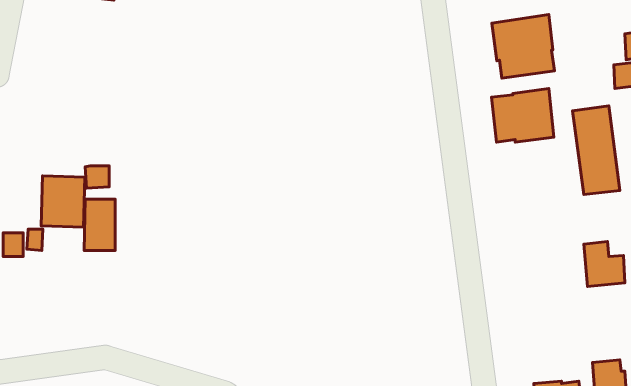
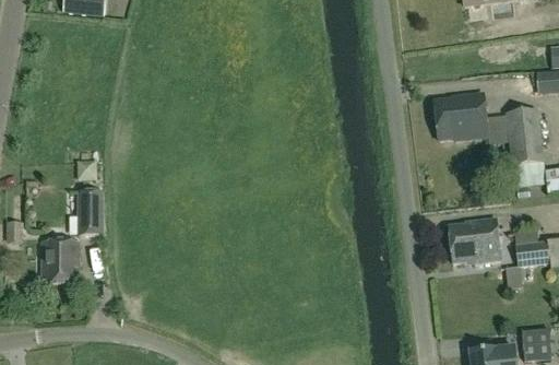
building: [492,15,554,78] -> none
building: [41,176,85,227] -> [40,240,79,285]
building: none -> [449,219,500,263]

